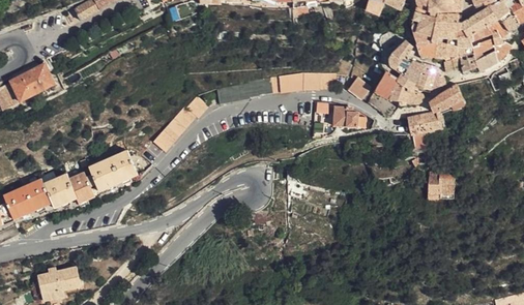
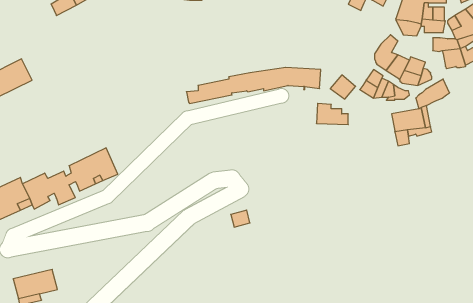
building: [417,38,446,57] -> none
building: [151,95,207,151] -> none
building: [429,171,455,197] -> none

